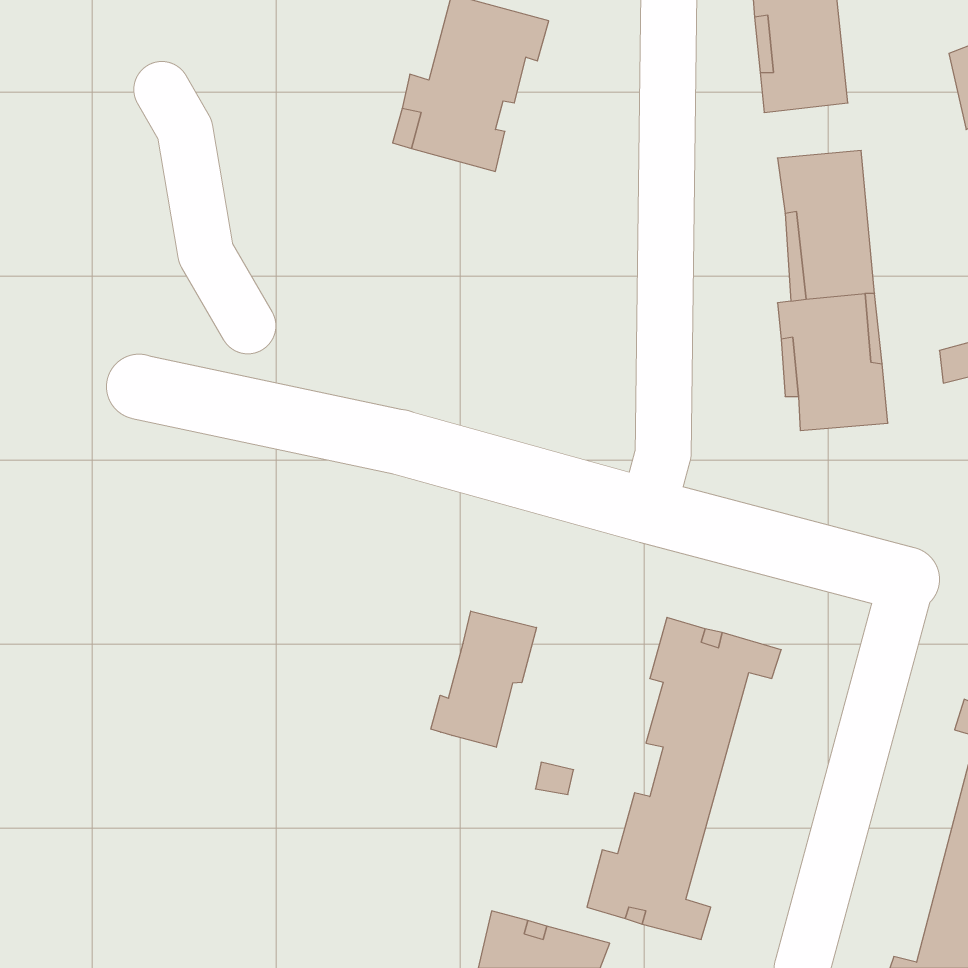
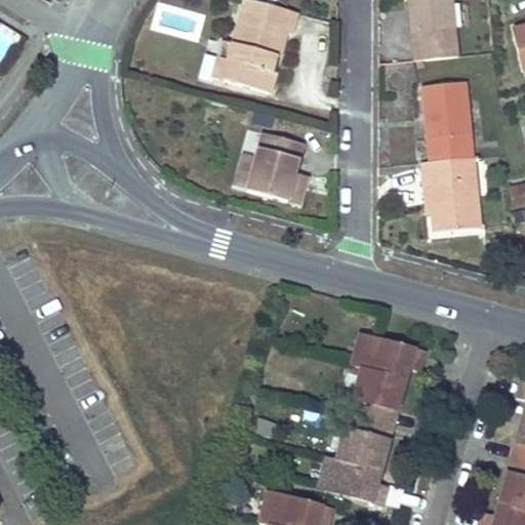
building: none -> [246,131,309,205]
building: [431,611,536,747] -> none

